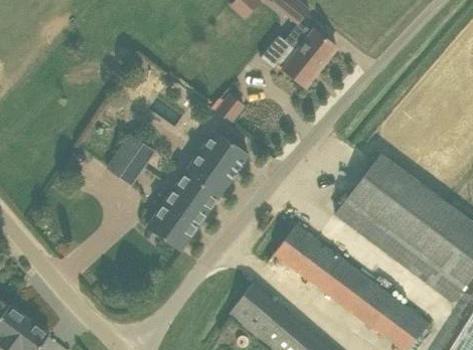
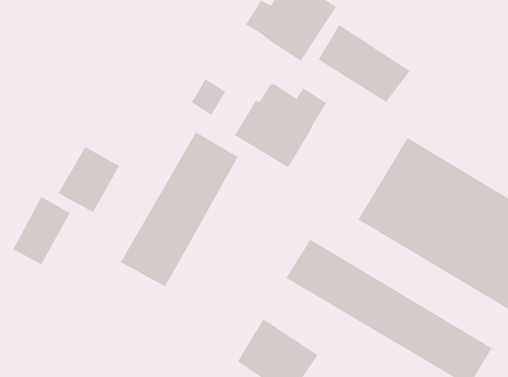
building: none -> [318,24,411,103]
building: none -> [234,83,327,168]
building: none -> [13,196,71,265]

